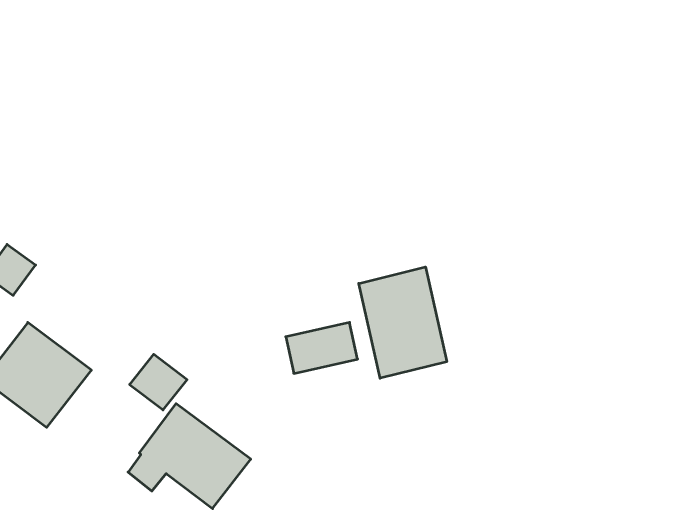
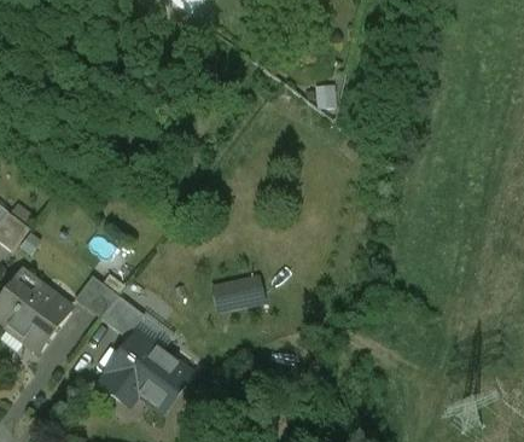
building: [359,267,447,378] -> none
building: none -> [75,274,118,316]

